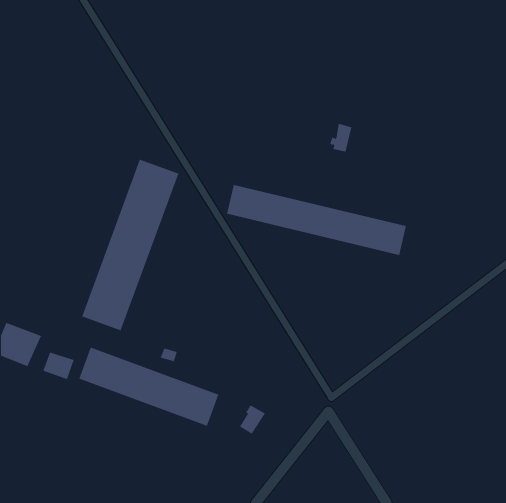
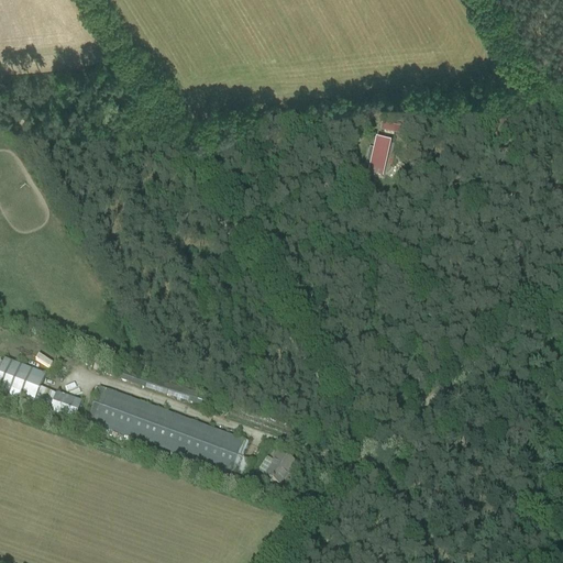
building: [81,159,179,331] -> none
building: [227,184,406,256] -> none

